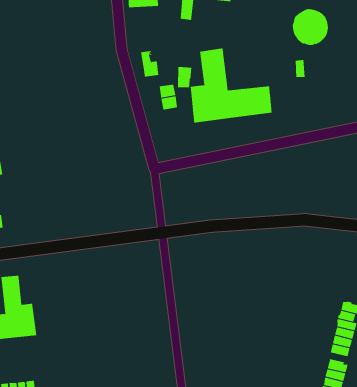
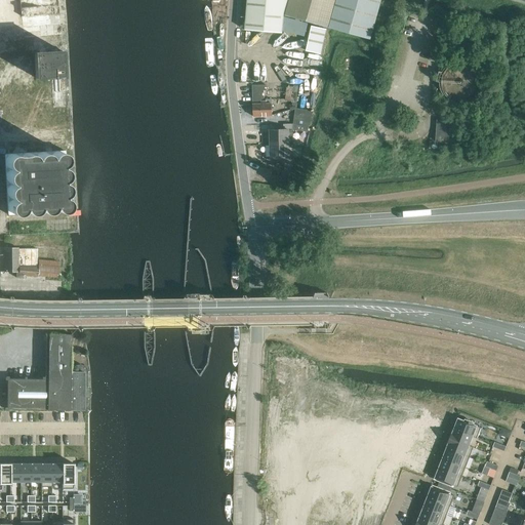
building: [190,48,272,123] -> none

